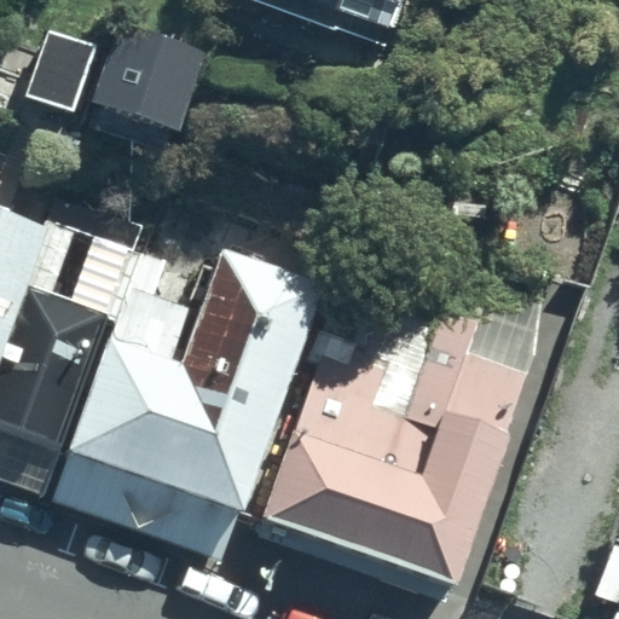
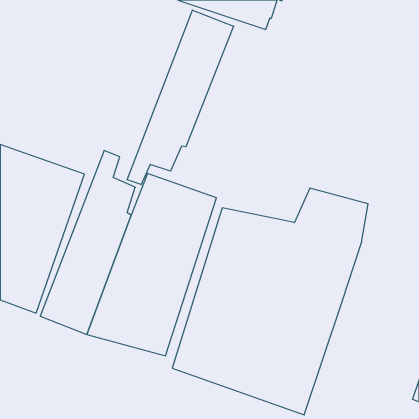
building: none -> [127,10,234,185]
building: [23,24,203,133] -> none

